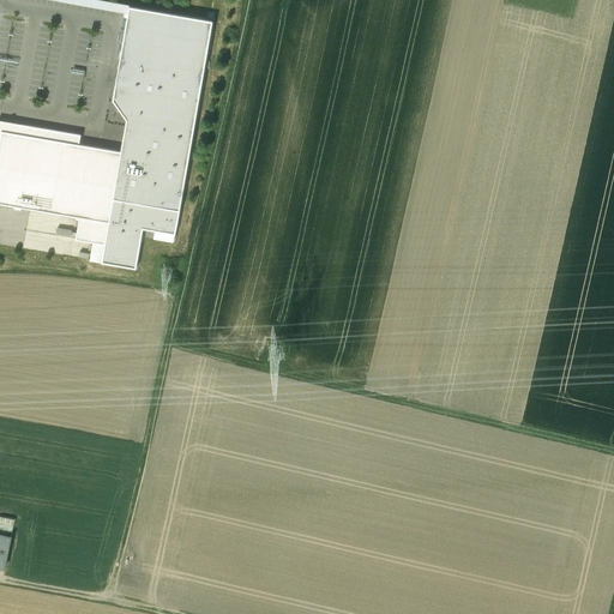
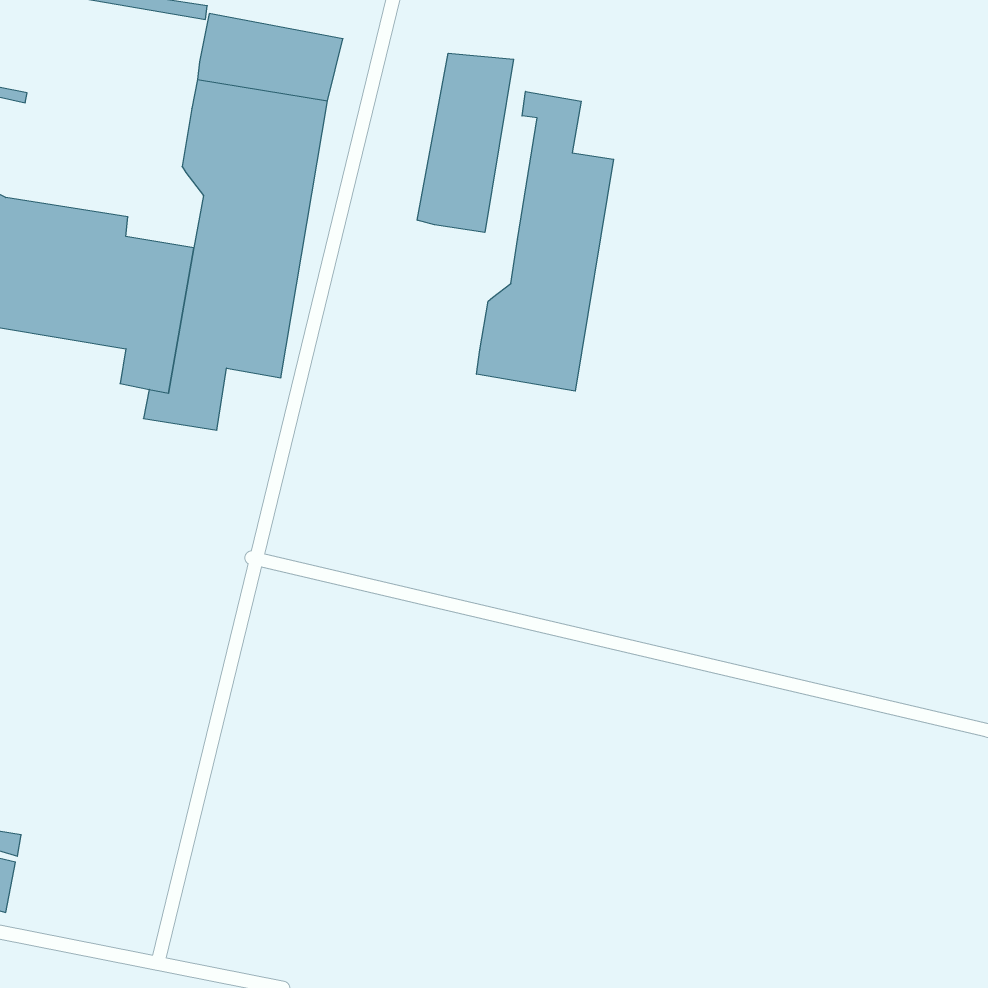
building: none -> [417,53,514,232]
building: none -> [477,91,614,391]

